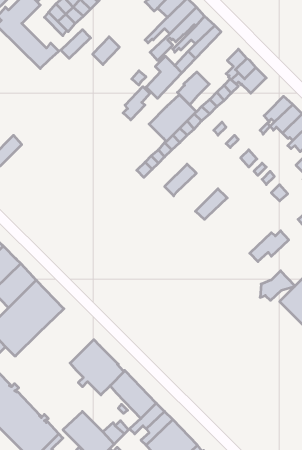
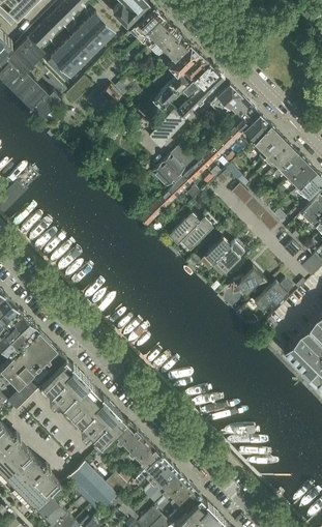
building: [177,72,209,105] -> [210,85,242,118]
building: none -> [251,126,288,160]
building: [123,87,150,120] -> none
building: none -> [180,218,213,251]
building: none -> [211,242,244,275]
building: [260,271,295,300] -> [231,266,266,296]
building: none -> [41,359,96,414]

